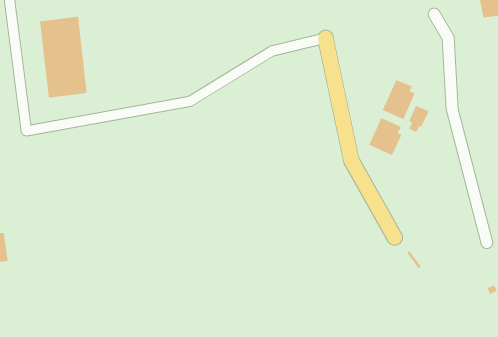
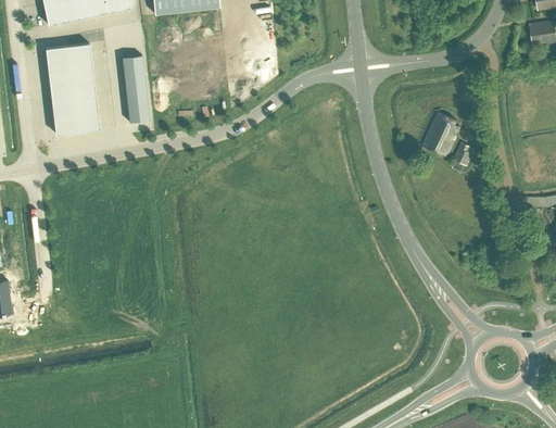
building: none -> [122,54,149,122]
building: [369,117,402,156] -> none

